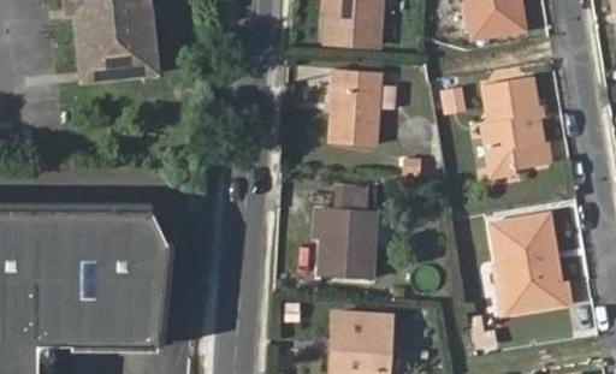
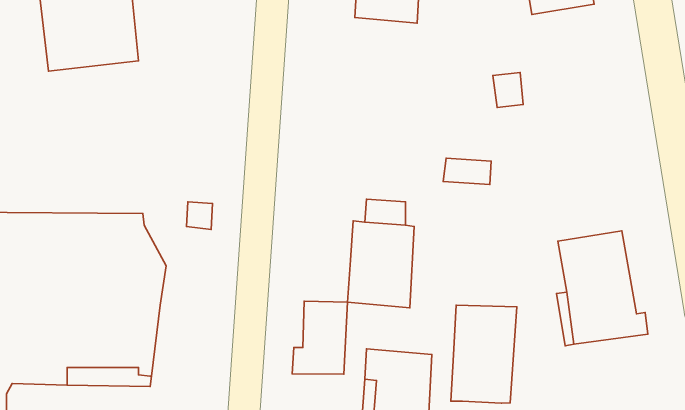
building: [332,71,380,144] -> none
building: [484,79,545,178] -> none
building: none -> [292,301,347,374]
building: none -> [451,305,517,403]

